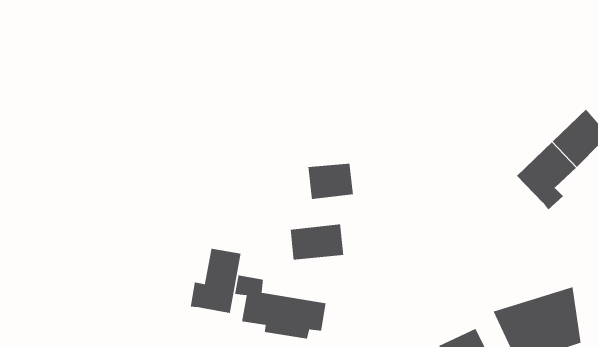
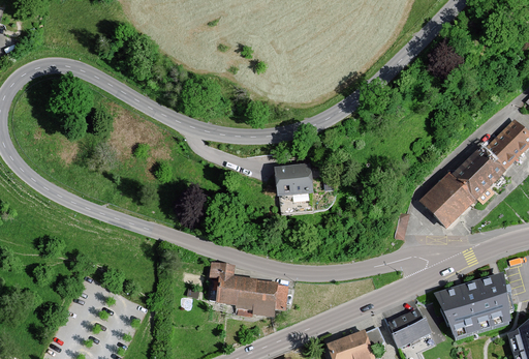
building: none -> [422,173,477,229]
building: [290,223,344,260] -> none
building: [190,248,242,314] -> none

